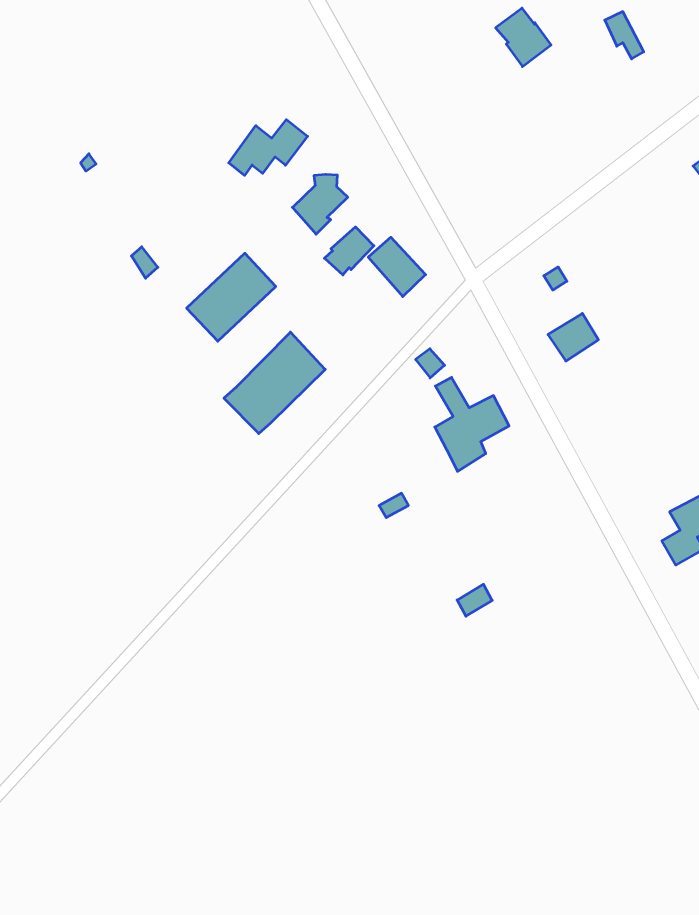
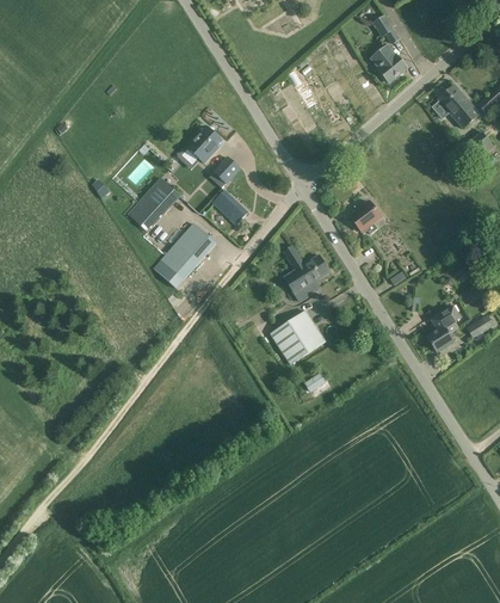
building: [496,8,551,67] -> [371,45,406,81]
building: [229,120,308,175] -> none
building: [368,237,426,297] -> [212,189,248,224]
building: none -> [270,308,327,364]

